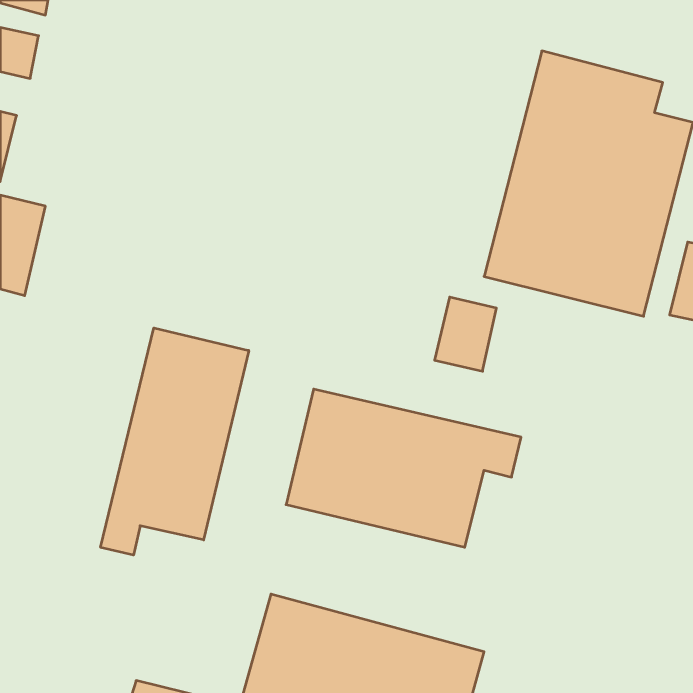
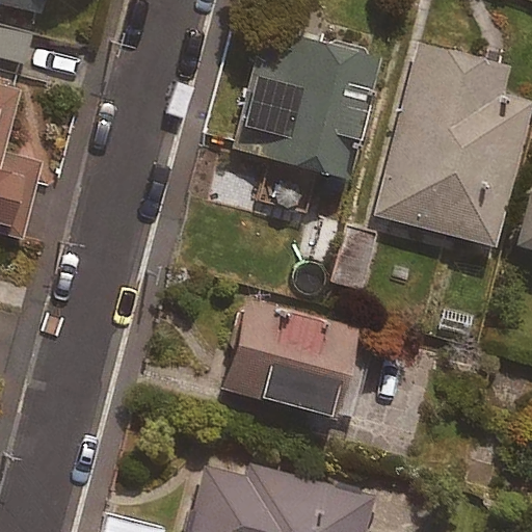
building: none -> [236,28,376,217]
building: [101,328,249,555] -> none

